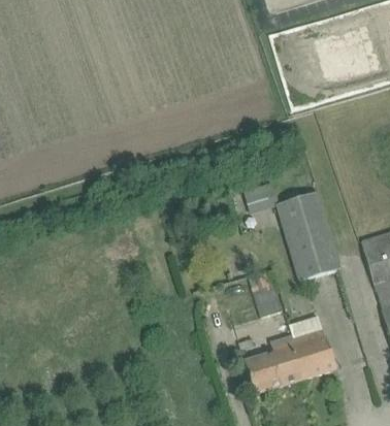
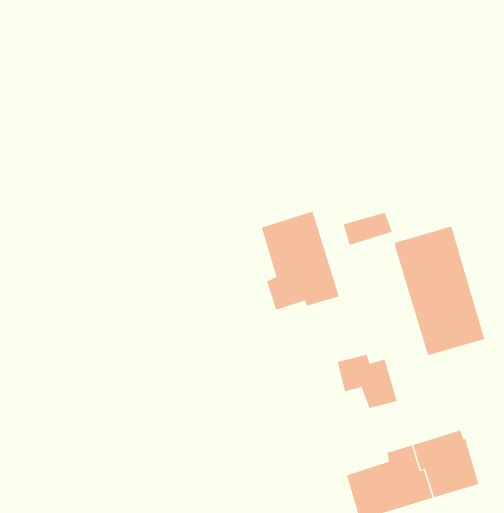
building: none -> [261,211,339,311]

